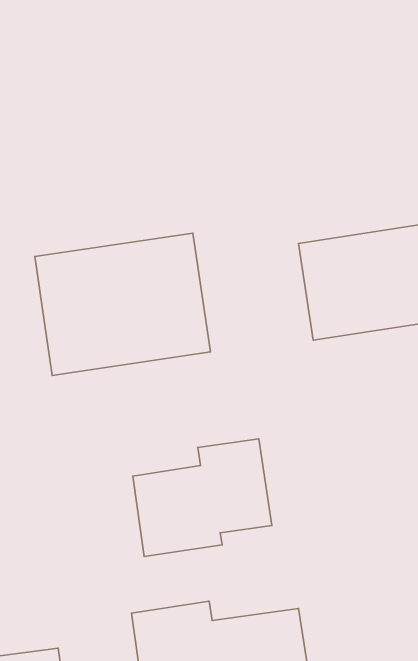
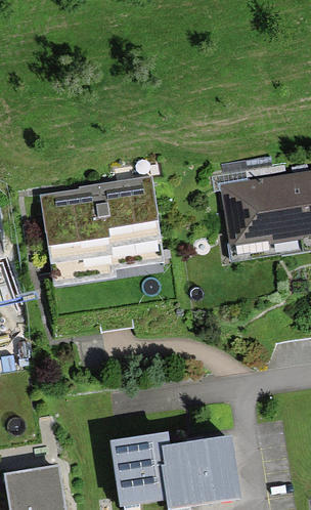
building: [133,439,272,556] -> none

